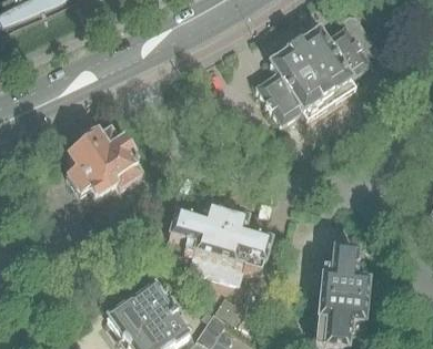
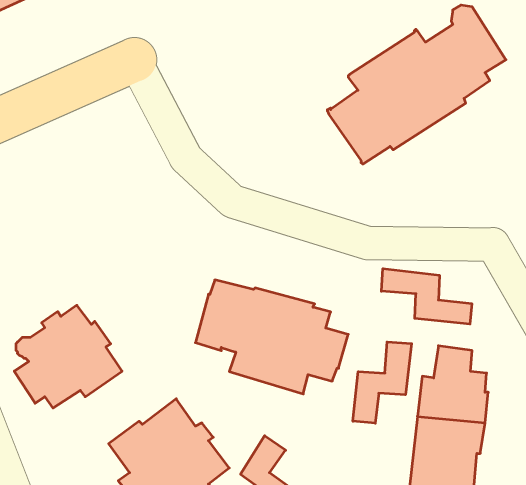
building: [68,126,142,197] -> [14,305,122,408]
building: none -> [381,269,472,324]
building: none -> [353,342,412,423]

